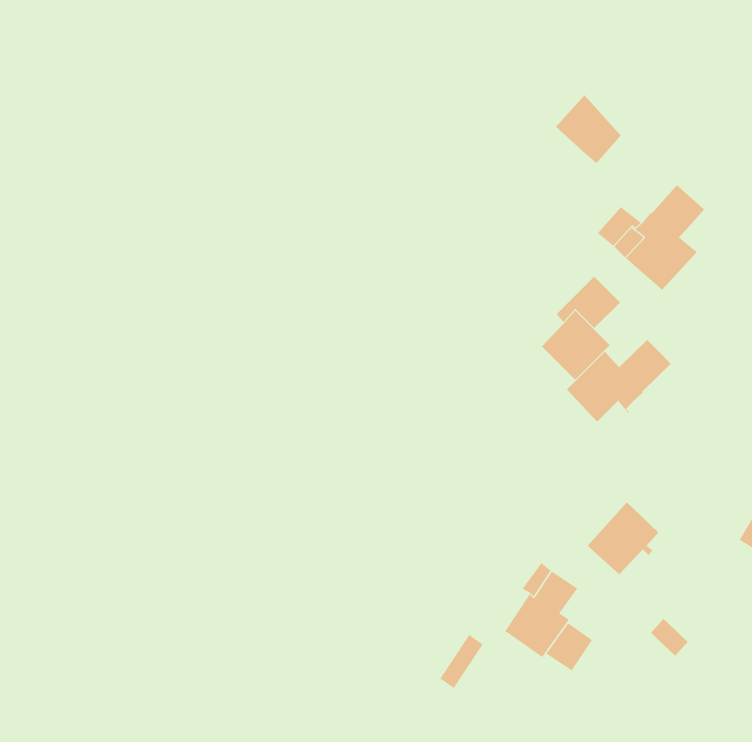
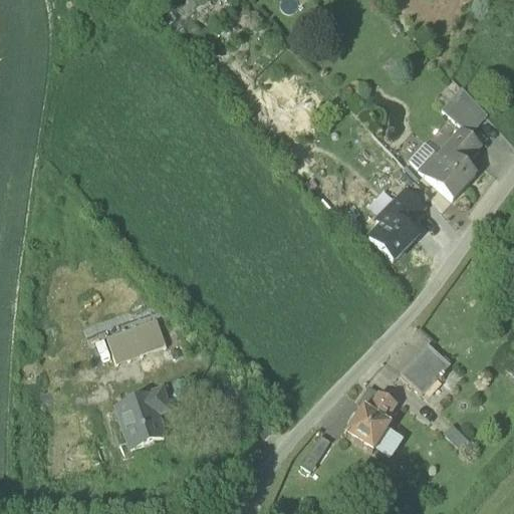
building: [555,94,622,164] -> [442,85,487,133]
building: [566,339,671,422] -> none
building: none -> [107,318,167,361]
building: none -> [117,389,168,446]

